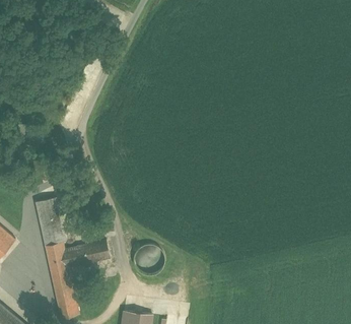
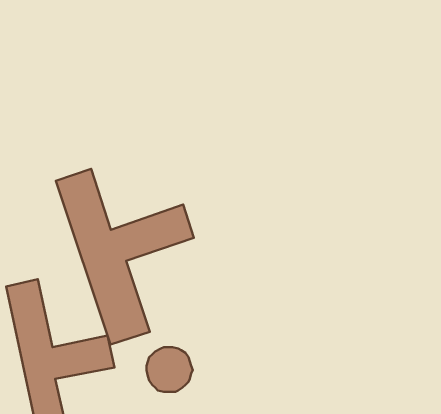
building: none -> [56,169,194,345]

